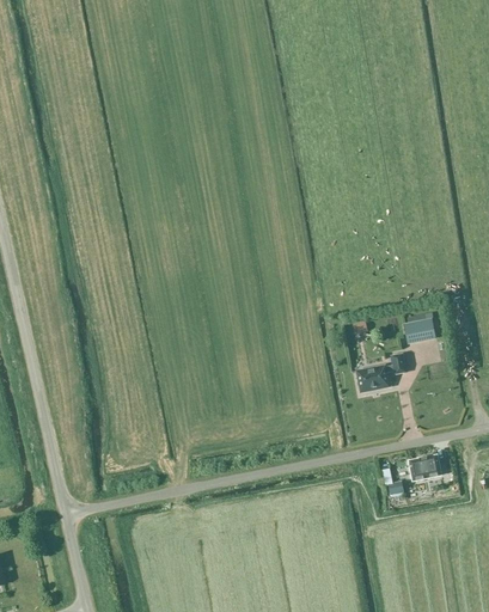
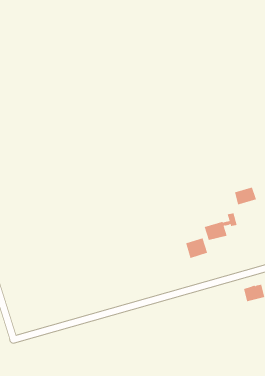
building: none -> [186,238,208,259]

